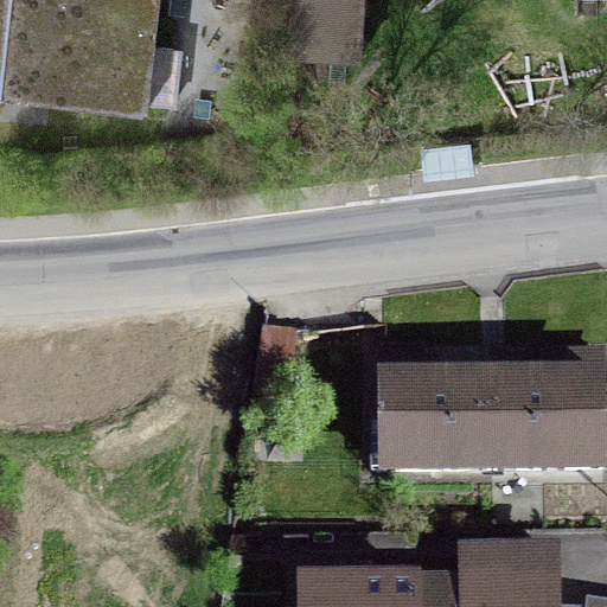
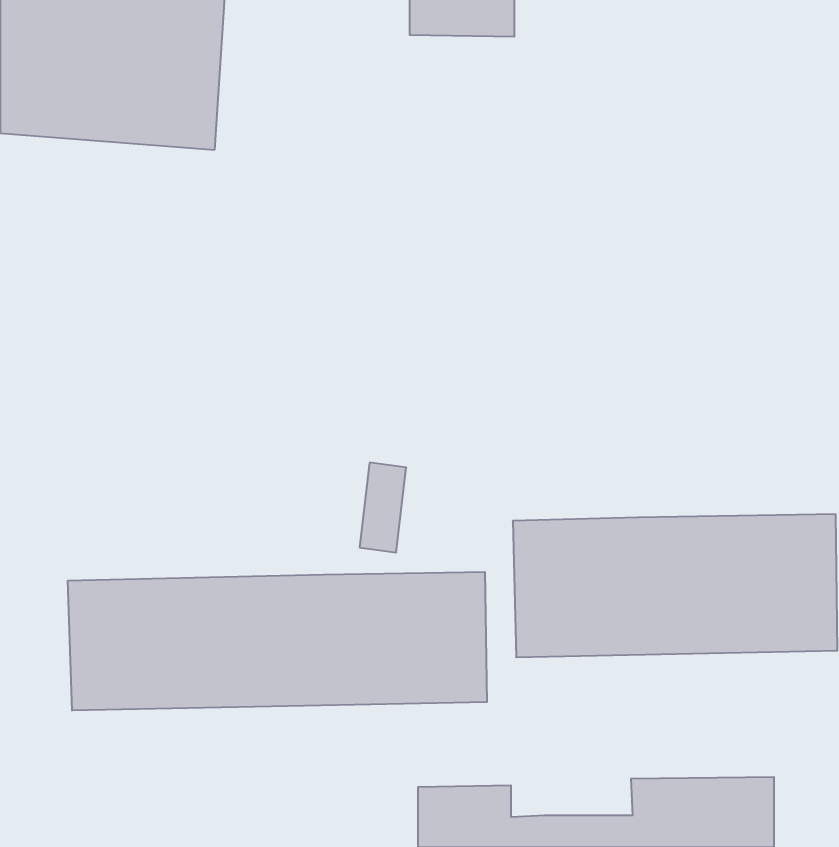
building: none -> [68,572,487,711]

